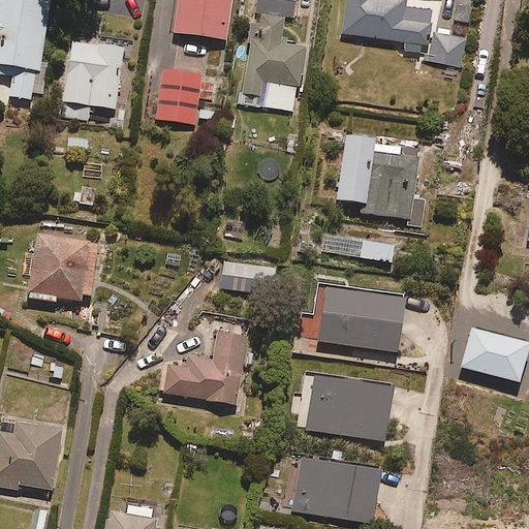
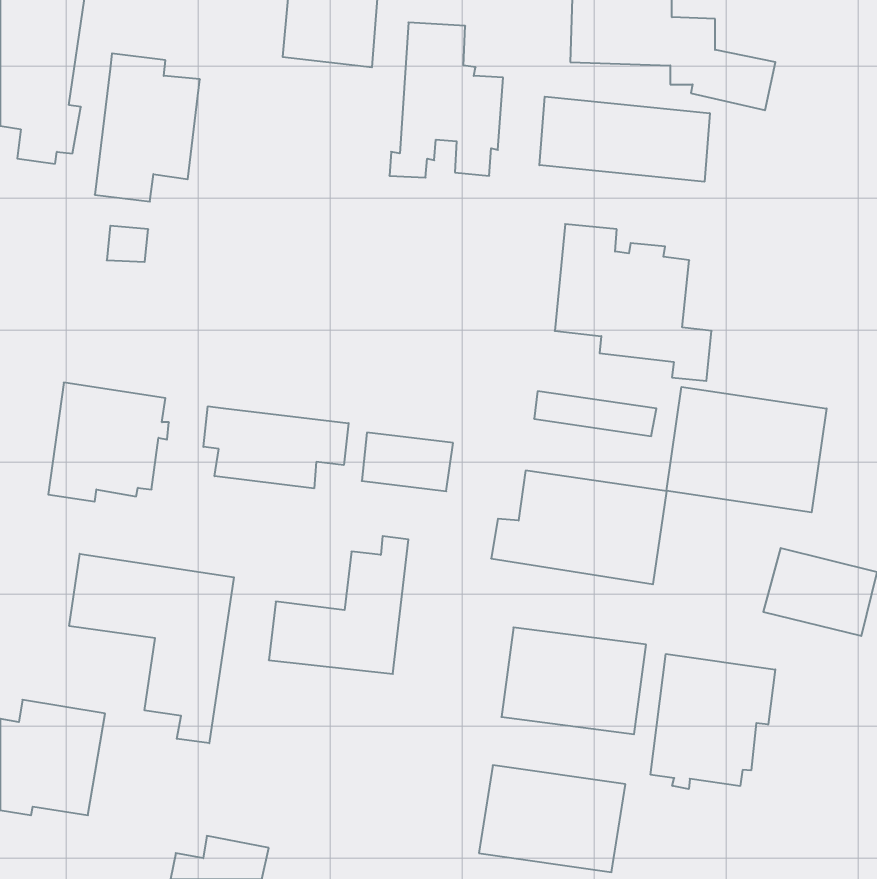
building: none -> [539,97,710,182]
building: [157,71,203,124] -> none
building: none -> [667,387,827,512]
building: none -> [203,406,349,488]
building: none -> [69,554,234,743]
building: none -> [651,654,775,789]

